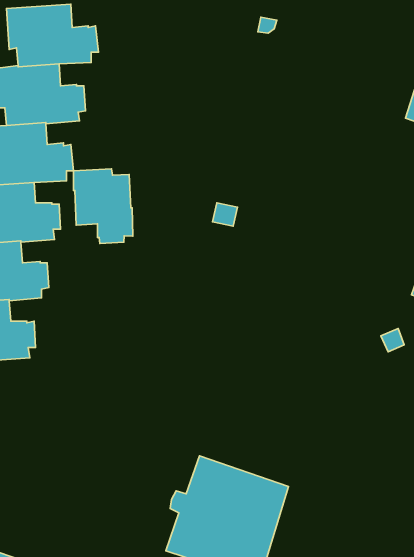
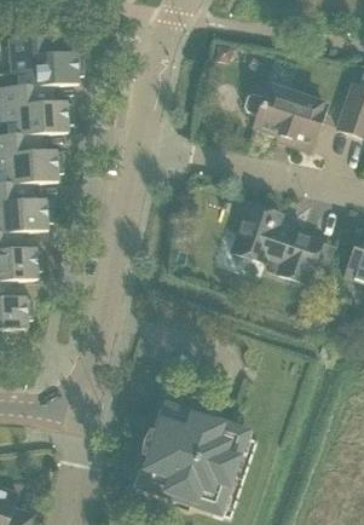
building: none -> [244,86,325,146]
building: [73,169,133,244] -> none
building: none -> [237,203,322,283]

